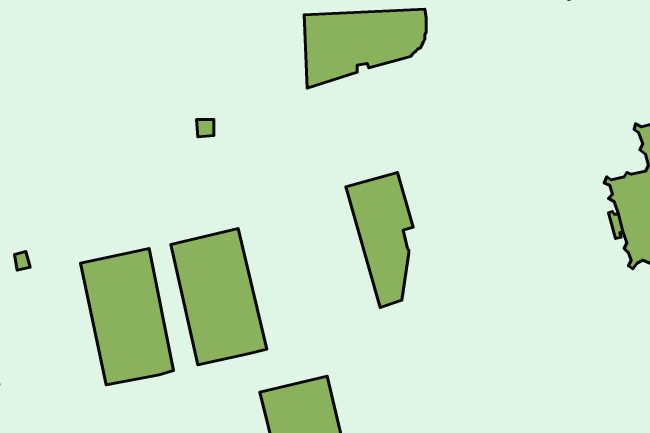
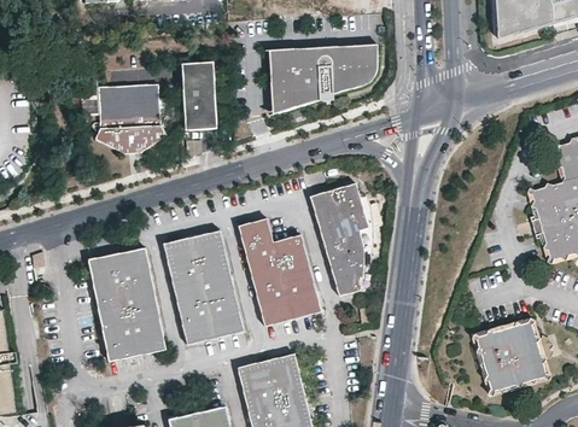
building: none -> [181,59,215,125]
building: none -> [95,83,167,152]
building: none -> [238,217,322,326]
building: none -> [473,317,550,394]

